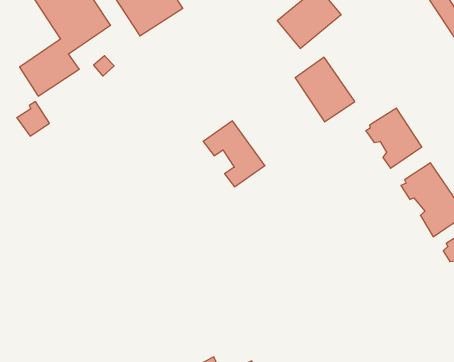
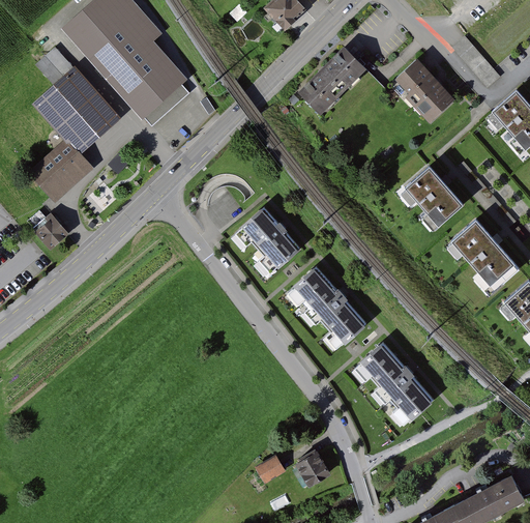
building: [295,57,355,122] -> [391,57,458,125]
building: none -> [285,264,369,349]
building: none -> [353,340,437,426]

